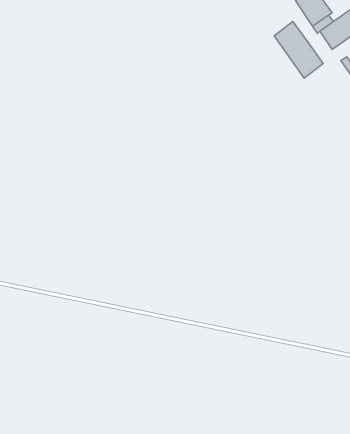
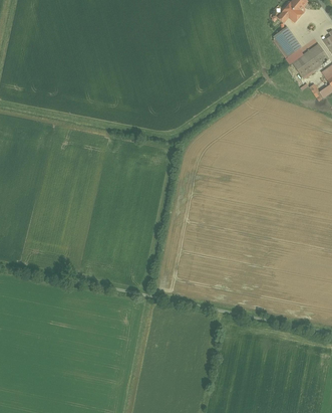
building: [274,21,323,78] -> none

